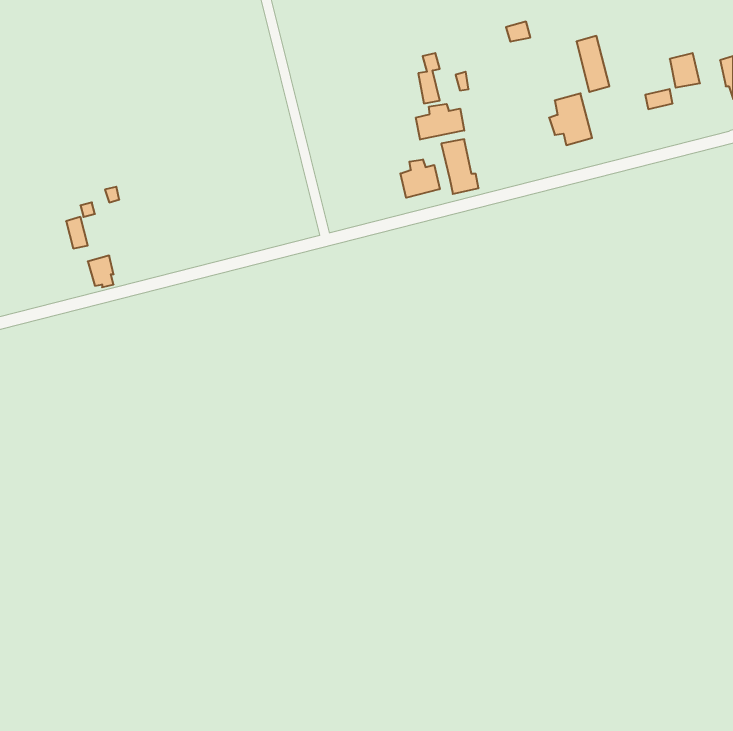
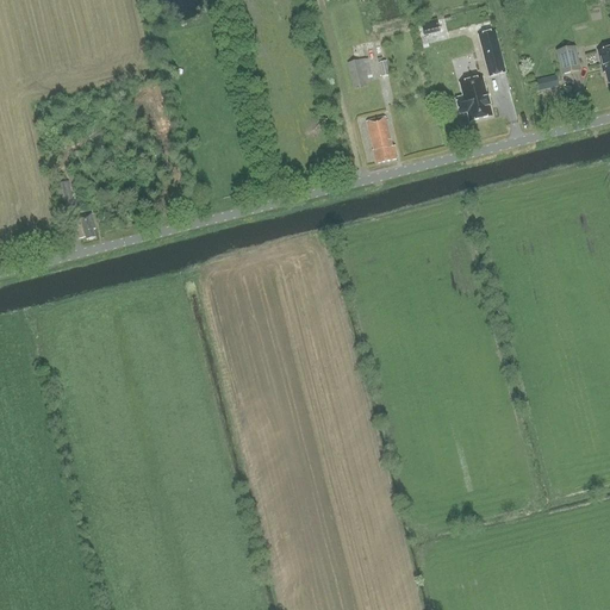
building: [416,104,464,140] -> none
building: [400,159,440,198] -> none

